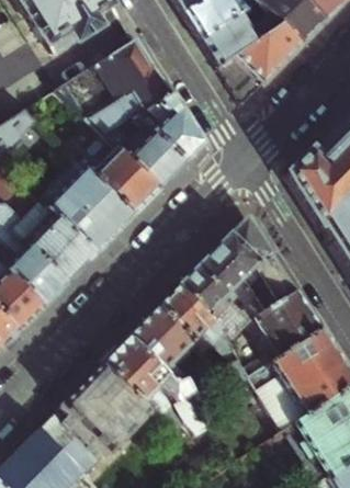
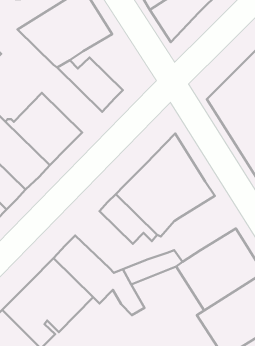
building: [138,92,205,160] -> none
building: [60,129,161,212] -> none
building: [256,288,324,354] -> none
building: [128,307,199,376] -> none

